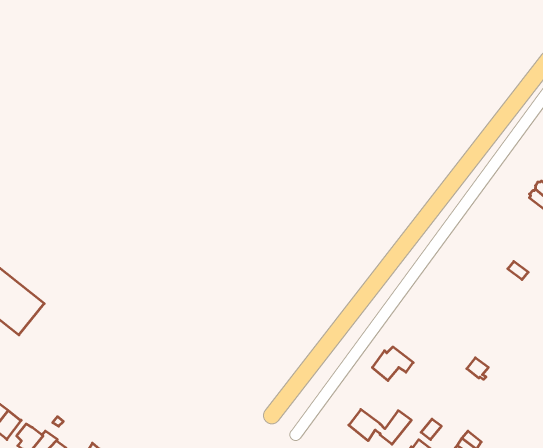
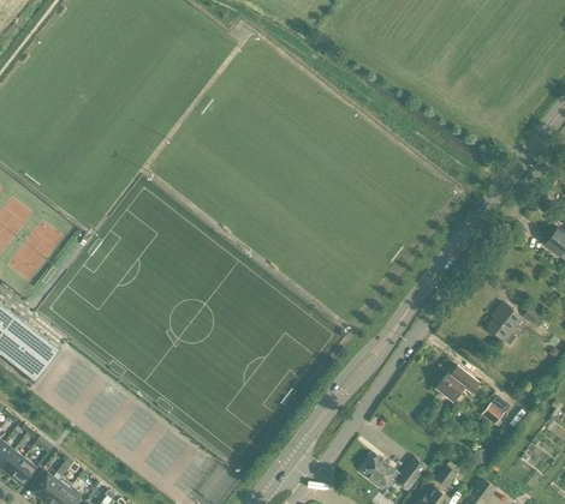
building: none -> [487,304,522,346]
building: [372,347,413,381] -> [436,367,477,401]

